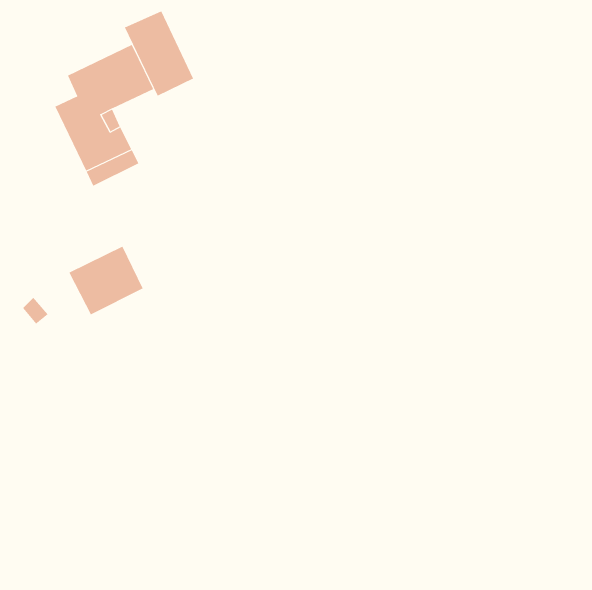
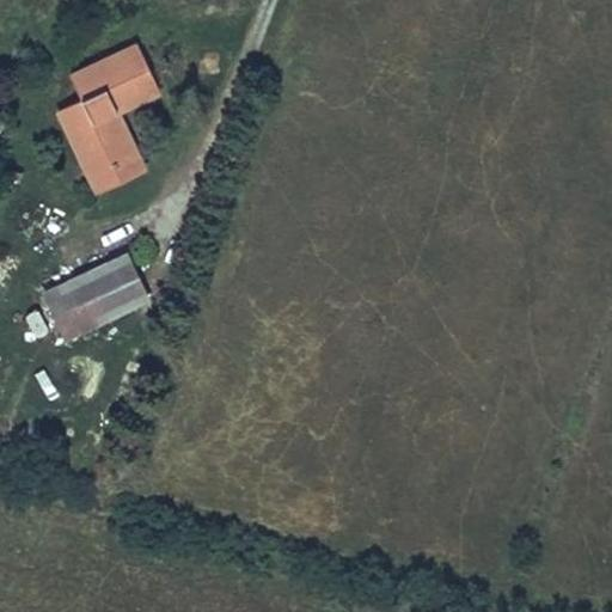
building: [124,11,194,97] -> none
building: none -> [44,281,93,338]

